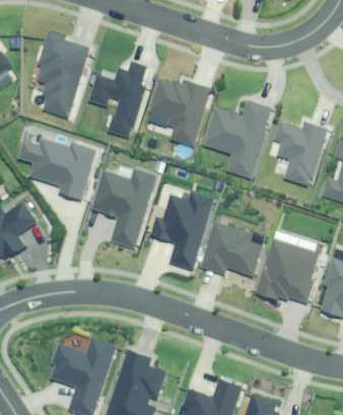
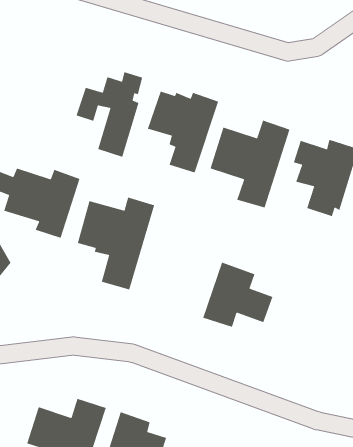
building: [38,31,90,116] -> none
building: [151,191,216,269] -> none
building: [250,236,317,308] -> none

